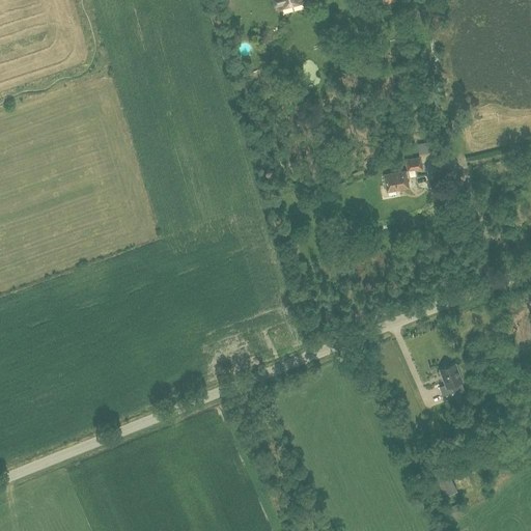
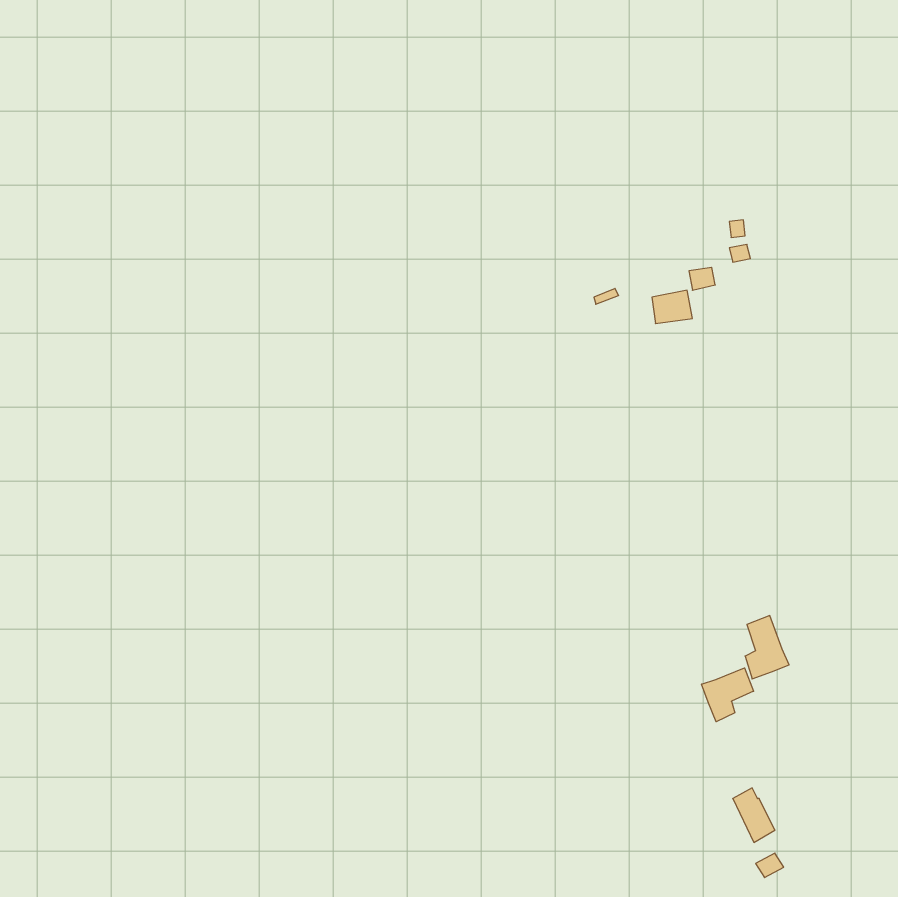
building: none -> [702,668,754,722]

